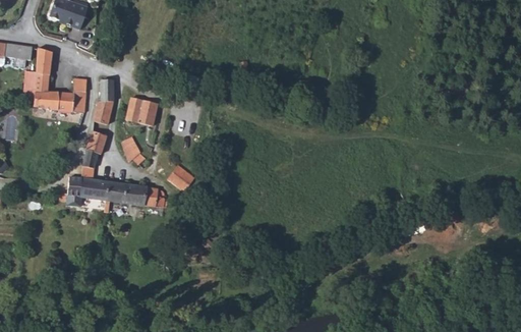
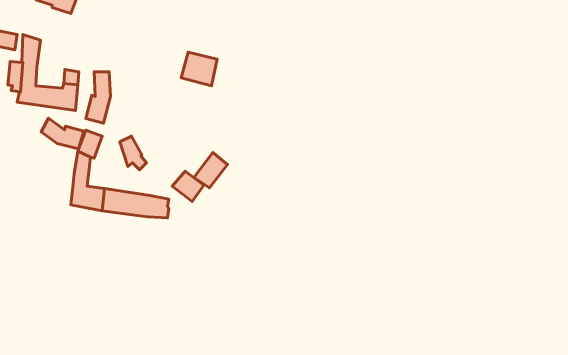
building: [125,97,157,126] -> [181,52,217,86]
building: none -> [41,118,84,149]
building: none -> [194,152,228,188]

